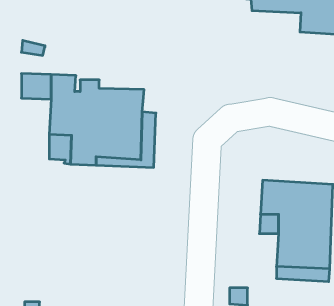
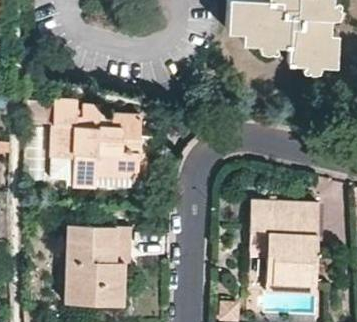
building: none -> [66,226,131,306]

